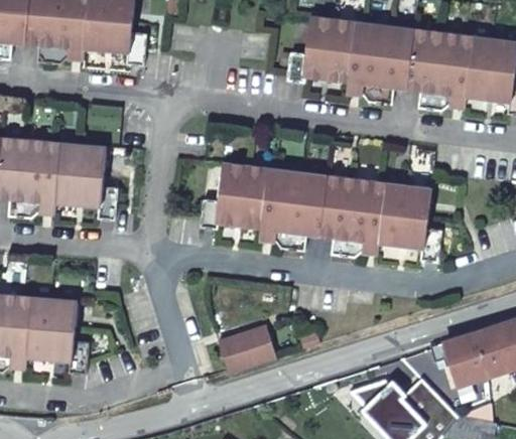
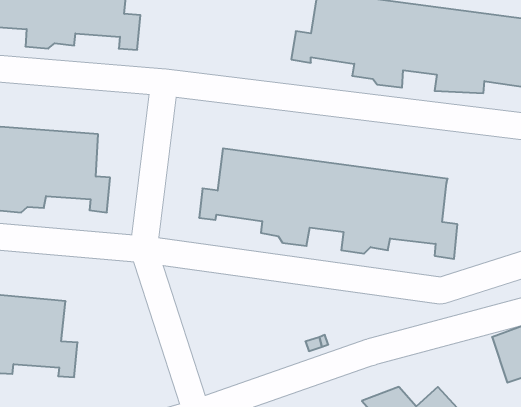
building: [217,325,275,372] -> none
building: [431,334,487,386] -> none

